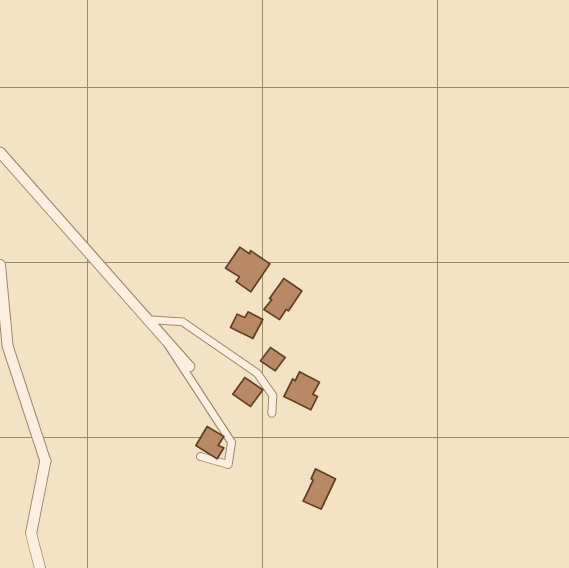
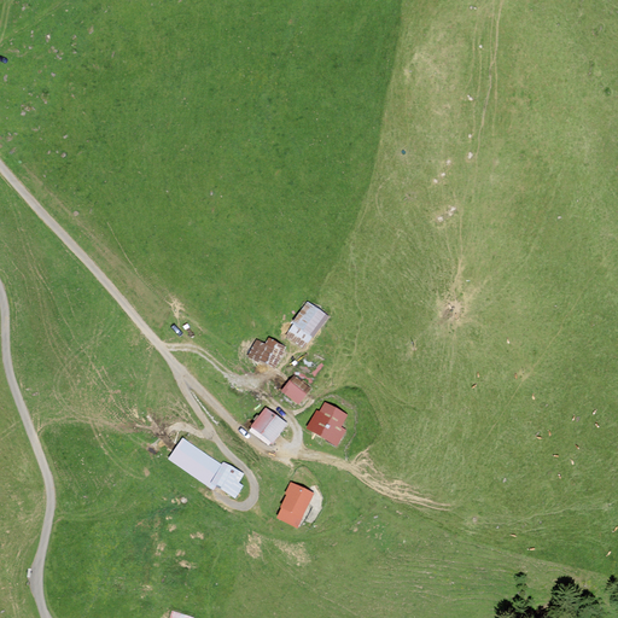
building: [225,247,270,292] -> none
building: none -> [169,439,218,483]
building: [303,469,336,509] -> [278,483,313,526]

